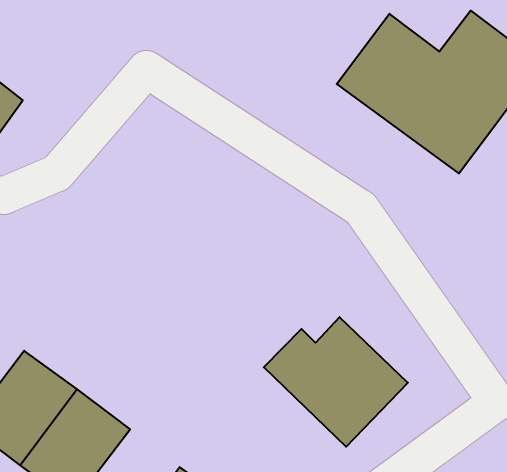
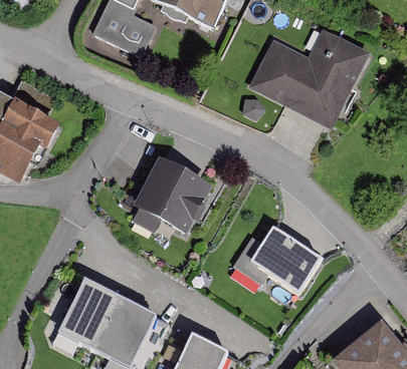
building: none -> [133,158,212,235]

